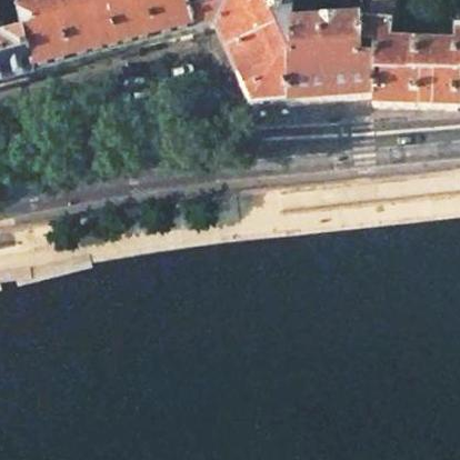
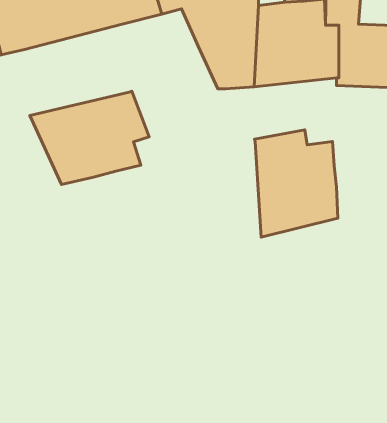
building: none -> [30,91,149,184]
building: none -> [255,130,338,237]

